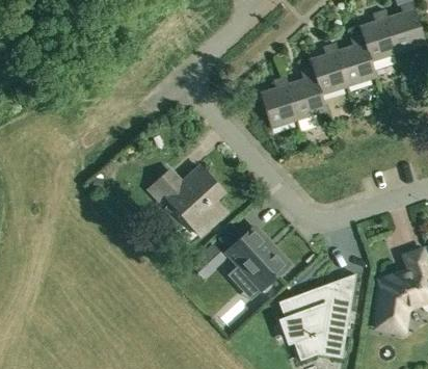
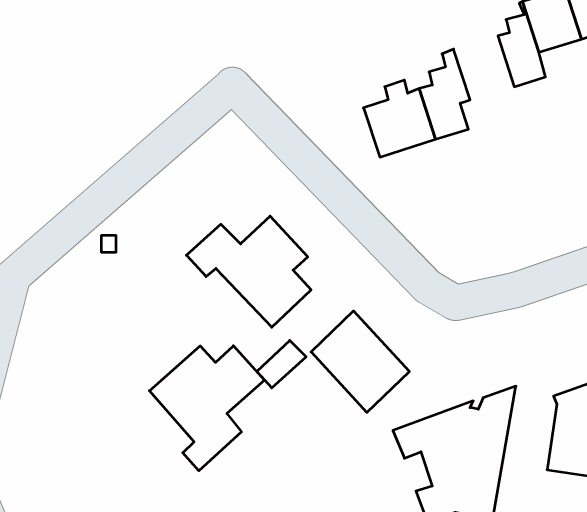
building: [317,46,355,91] -> none
building: none -> [149,346,265,471]

